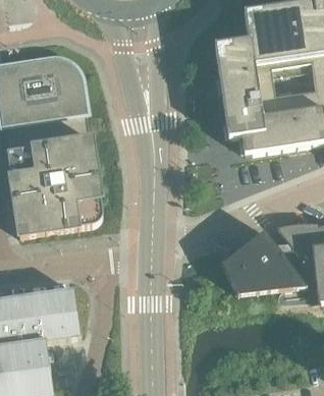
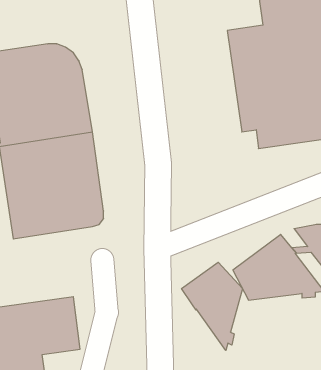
building: none -> [182,262,242,350]

